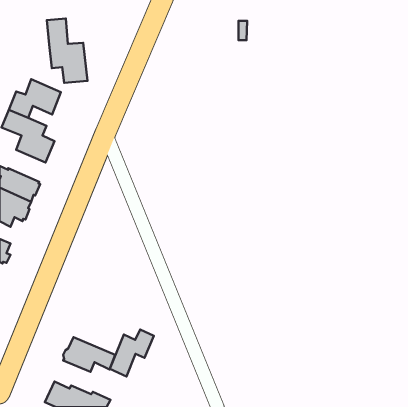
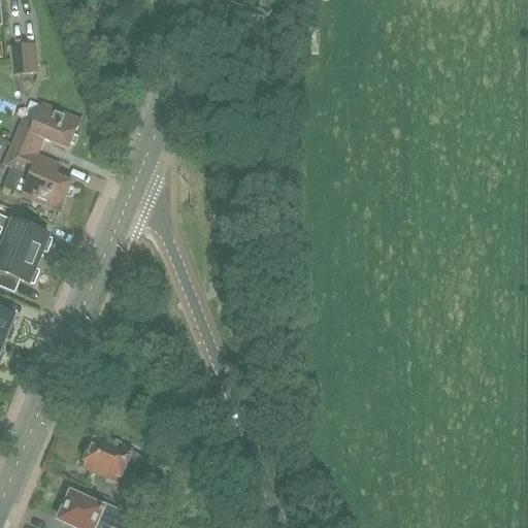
building: [47,18,87,83] -> none
building: none -> [8,42,38,74]
building: [110,329,154,377] -> none

